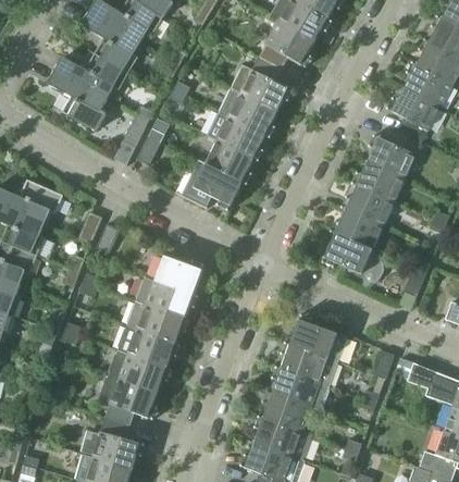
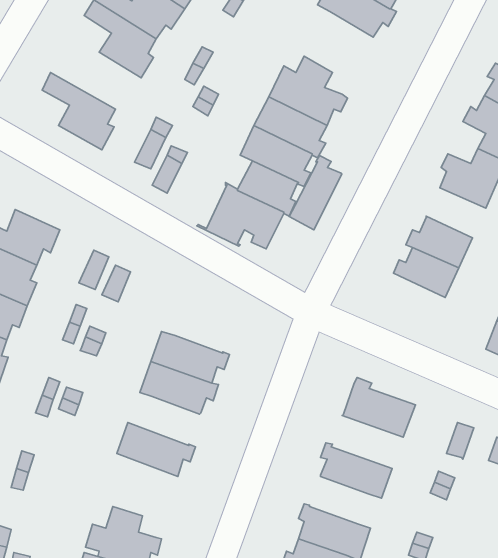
building: [258,21,313,70] -> none
building: [54,53,127,99] -> none
building: none -> [289,156,342,230]
building: [350,162,404,202] -> none
building: [321,233,383,284] -> none
building: [154,256,203,295] -> none
building: [116,326,179,369] -> none
building: [280,342,337,387] -> none
building: [99,375,157,425] -> none
building: [262,391,310,432] -> none

